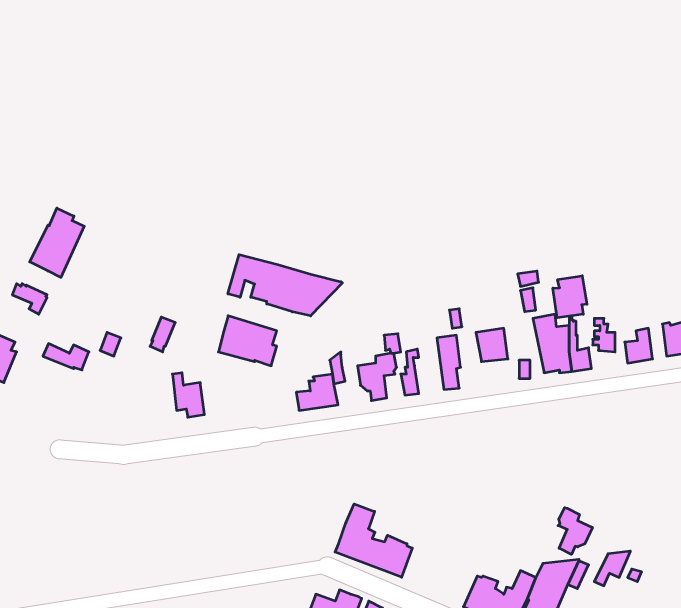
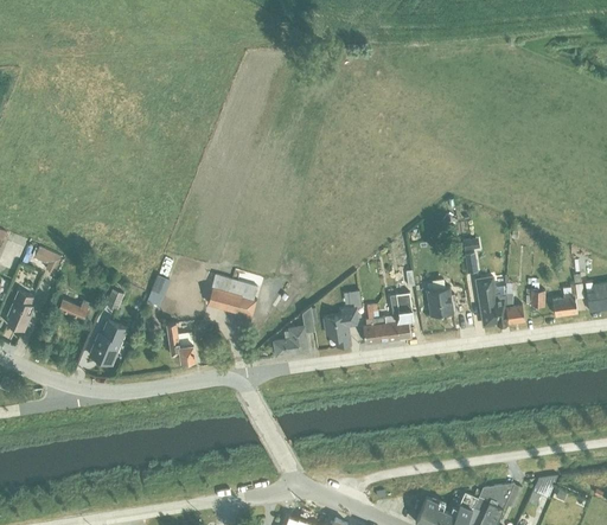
building: [30,208,84,277] -> none
building: [228,255,342,316] -> none
building: [553,276,587,318] -> none
building: none -> [373,294,398,341]
building: none -> [89,320,126,365]
building: [335,504,412,577] -> none
building: [558,508,592,554] -> none

